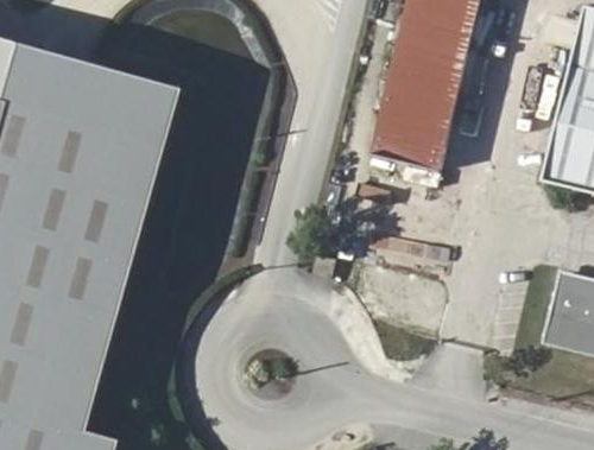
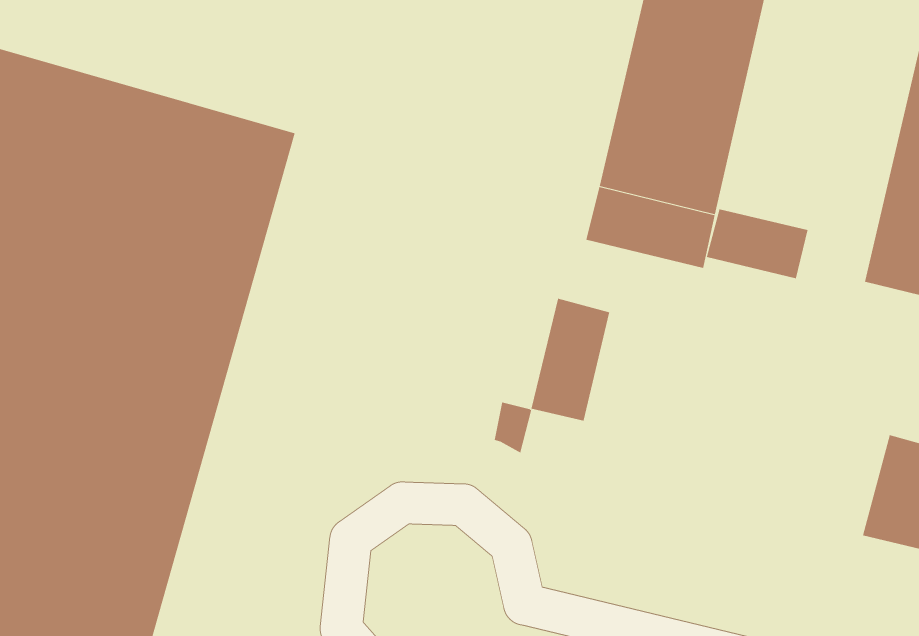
building: none -> [706,208,808,279]
building: none -> [531,298,610,422]

